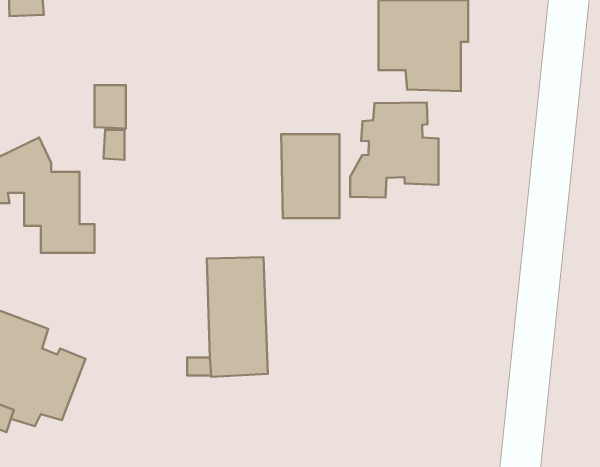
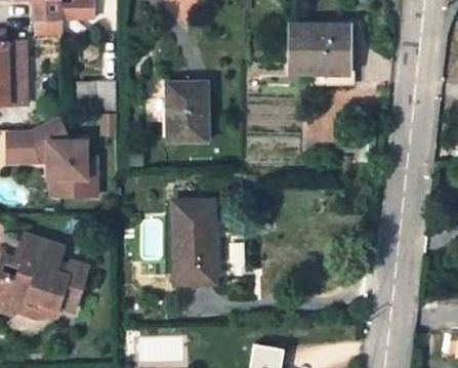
building: [350,103,439,198] -> none
building: [281,134,340,218] -> [166,83,206,140]

